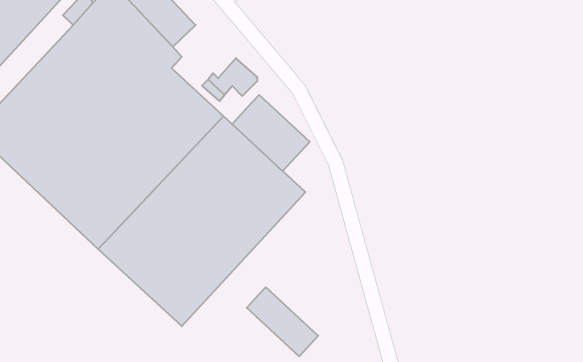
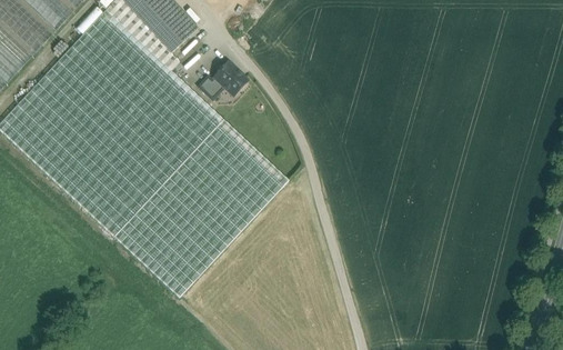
building: [232,95,310,171] -> none
building: [247,287,318,356] -> none

